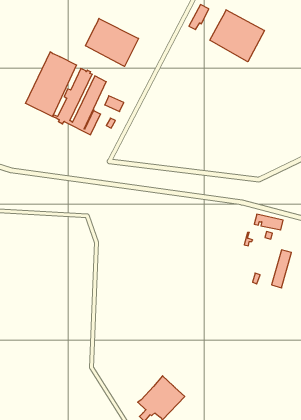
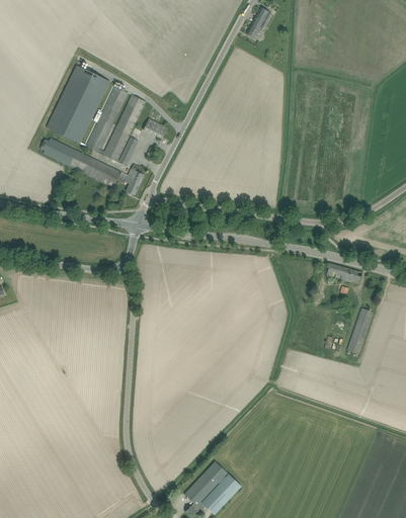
building: [210,10,264,62] -> none
building: [86,18,139,66] -> none
building: none -> [39,138,146,194]

